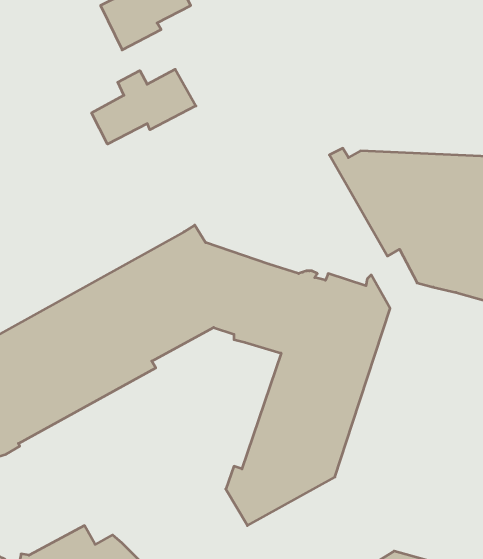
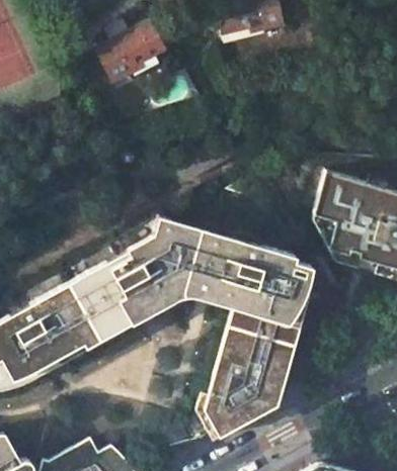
building: [92,69,196,144] -> none

